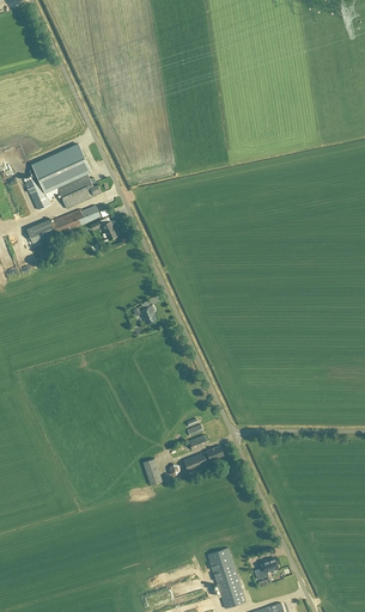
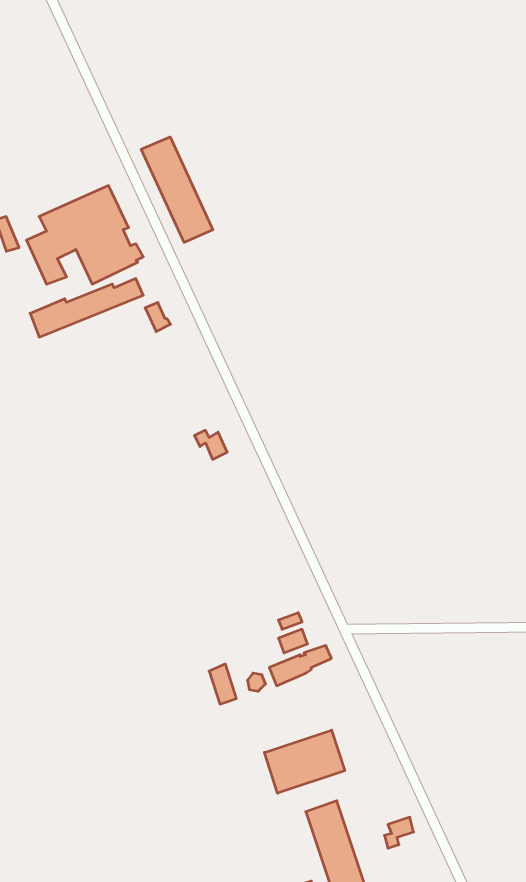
building: none -> [141,137,213,242]
building: none -> [264,730,345,793]

